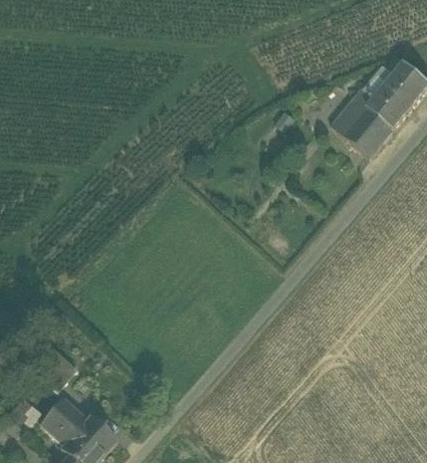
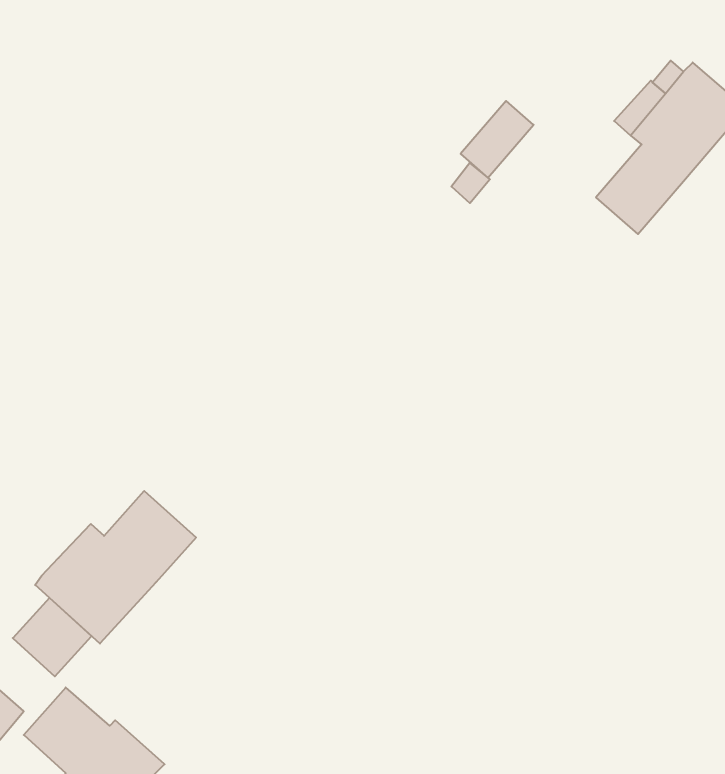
building: [338,88,378,131] -> [461,101,534,178]
building: none -> [35,491,196,644]

